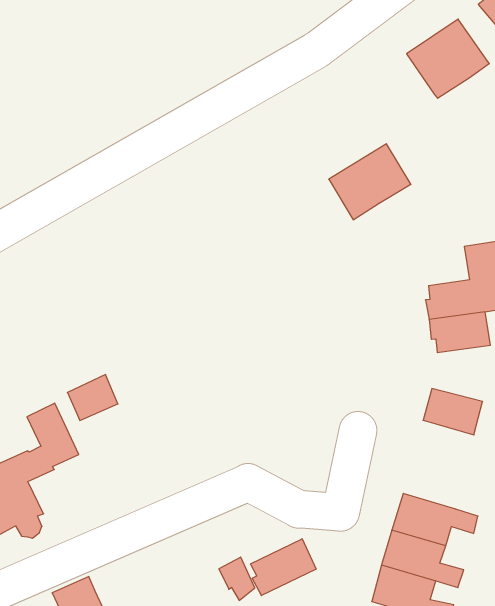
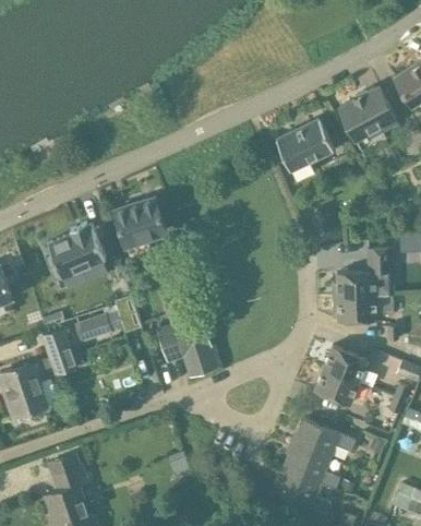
building: [329,144,411,220] -> [277,119,335,170]
building: none -> [115,199,167,246]
building: none -> [48,224,106,277]
building: none -> [159,319,218,376]
building: none -> [315,370,359,406]
building: [250,539,316,596] -> none

